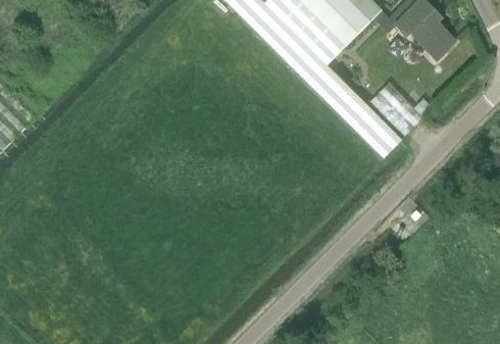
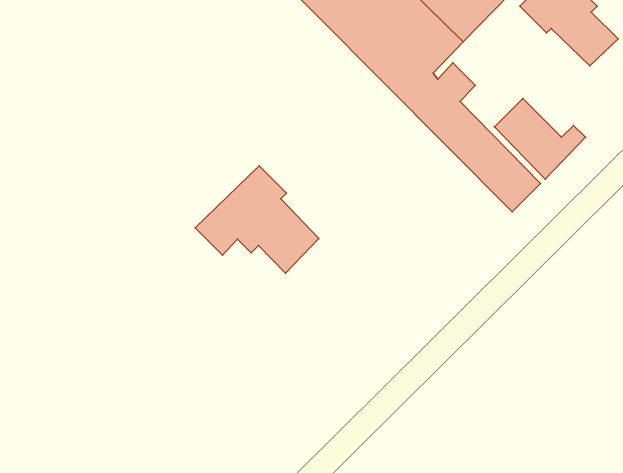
building: none -> [195,166,319,273]

